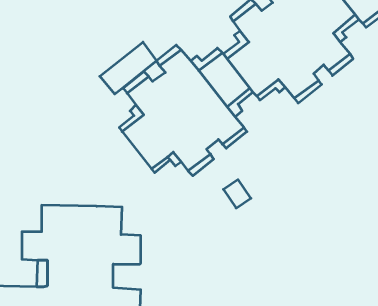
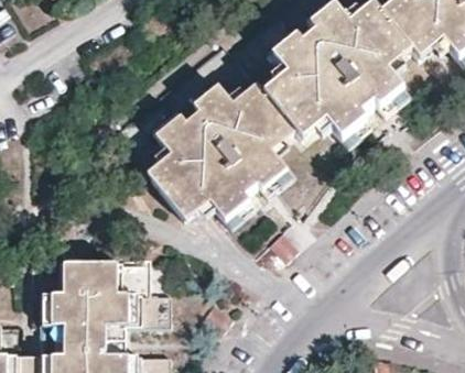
building: [100,42,157,94] -> none

